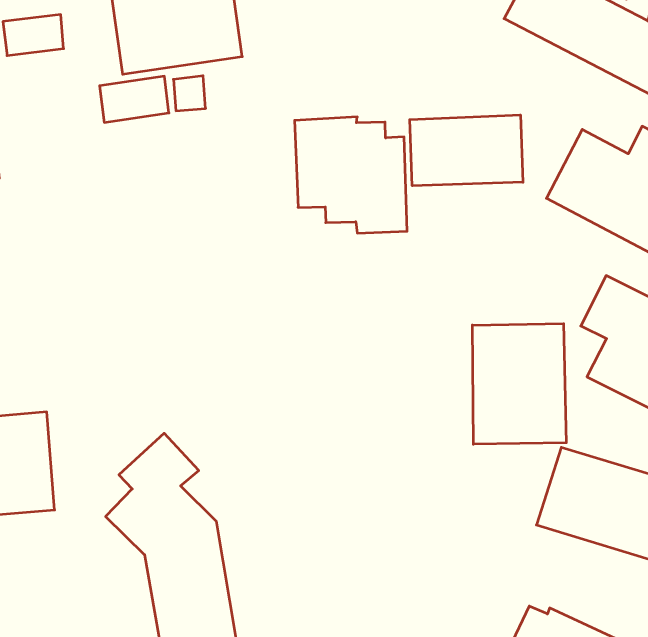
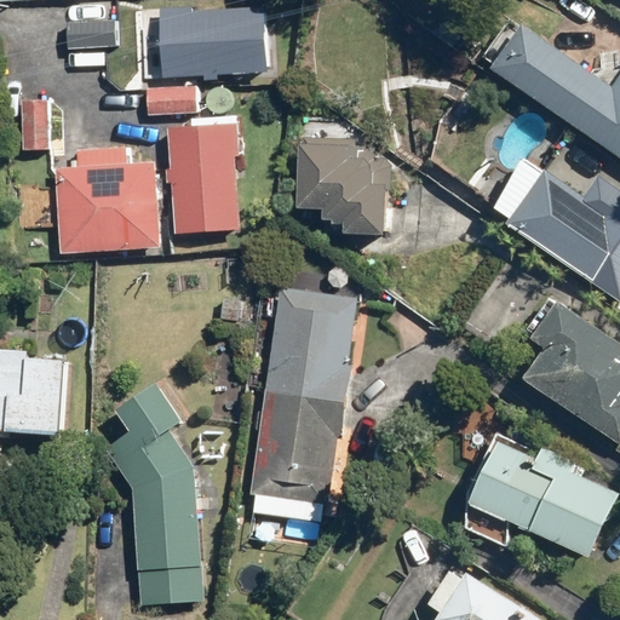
building: none -> [167,116,241,231]
building: [410,115,523,186] -> none
building: none -> [53,153,156,251]
building: none -> [253,288,356,521]
building: [472,324,566,444] -> none

